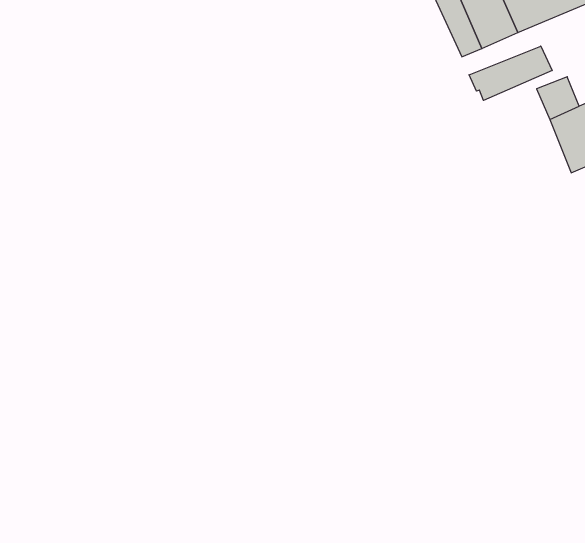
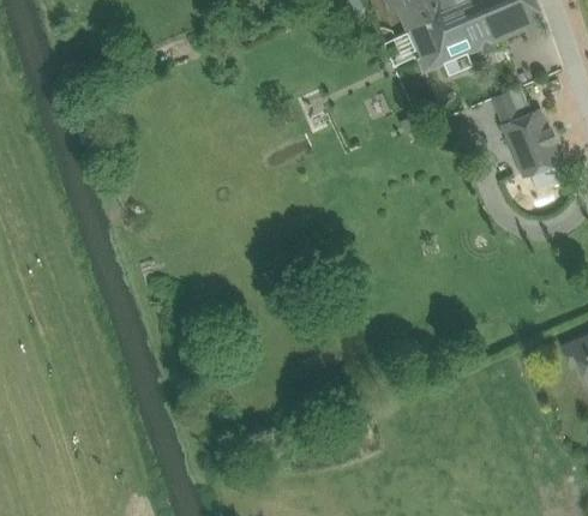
building: [469,46,552,100] -> none

